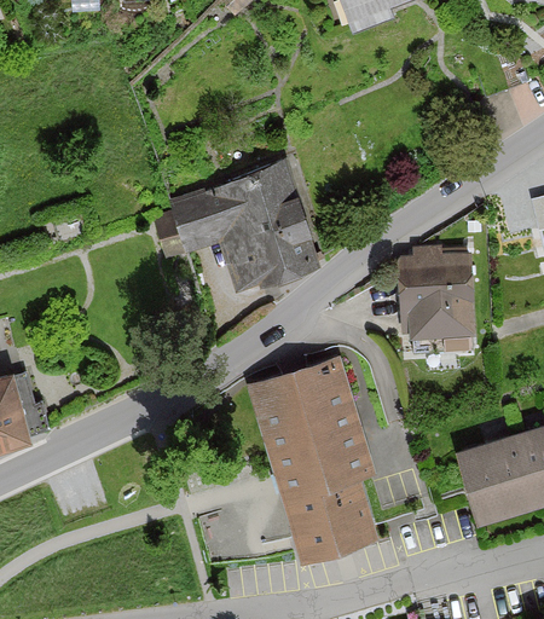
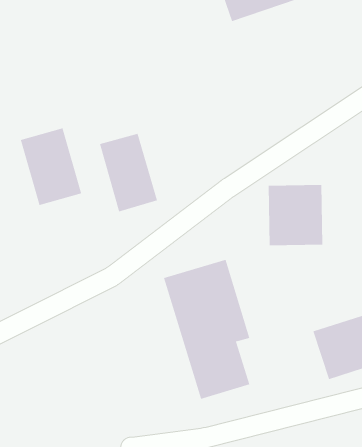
building: [221,166,319,285] -> none
building: none -> [20,127,82,206]

